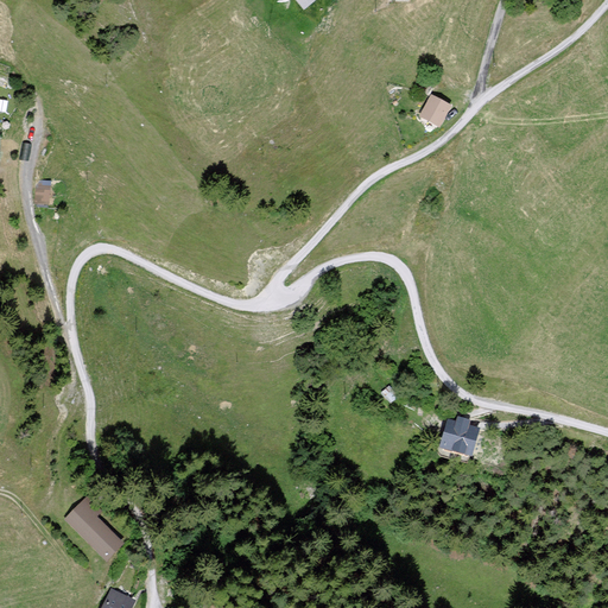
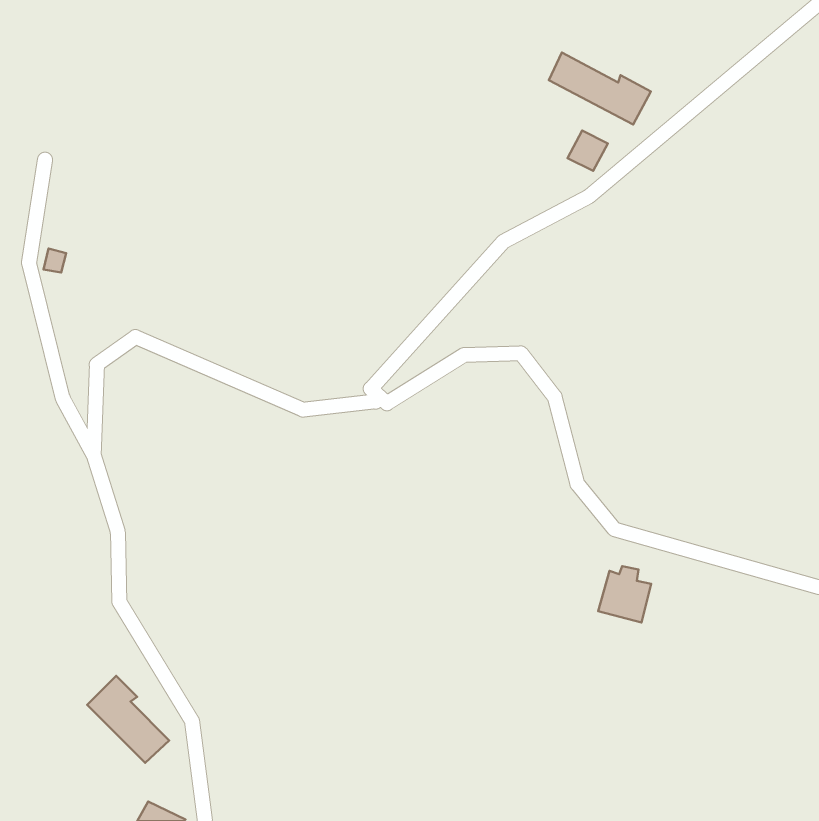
building: none -> [549,53,651,125]

